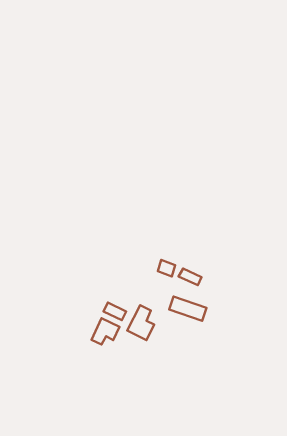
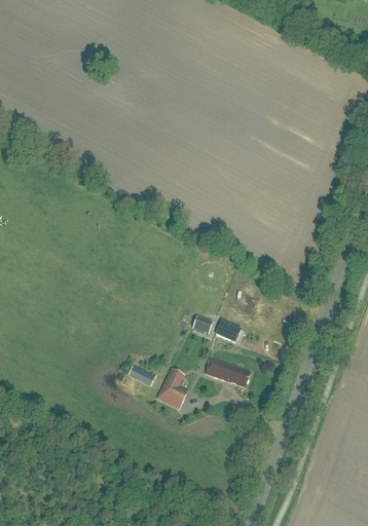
building: [92,318,120,345] -> none

